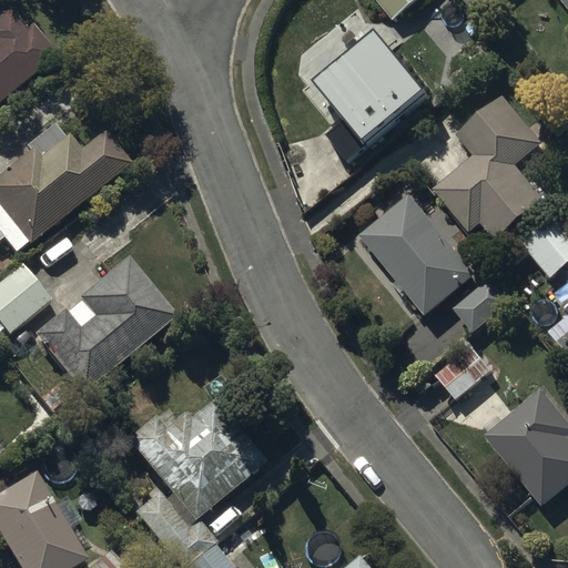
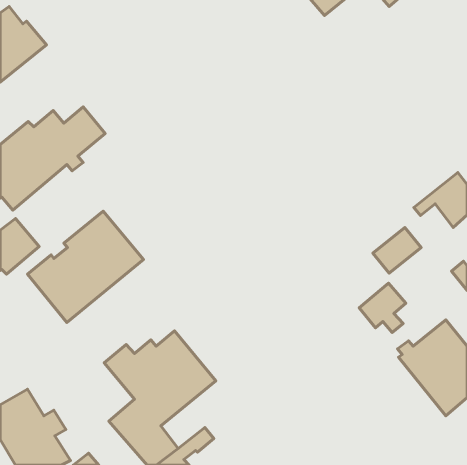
building: [314,31,423,159] -> none
building: [434,94,545,244] -> none
building: [359,192,476,313] -> none

